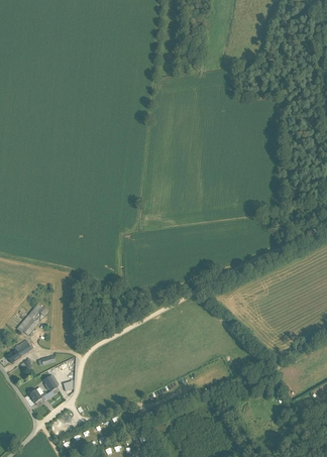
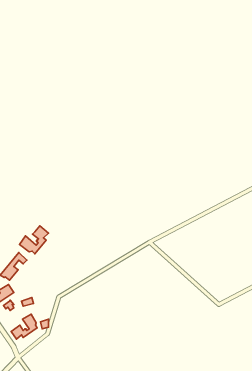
building: none -> [19,226,49,254]

